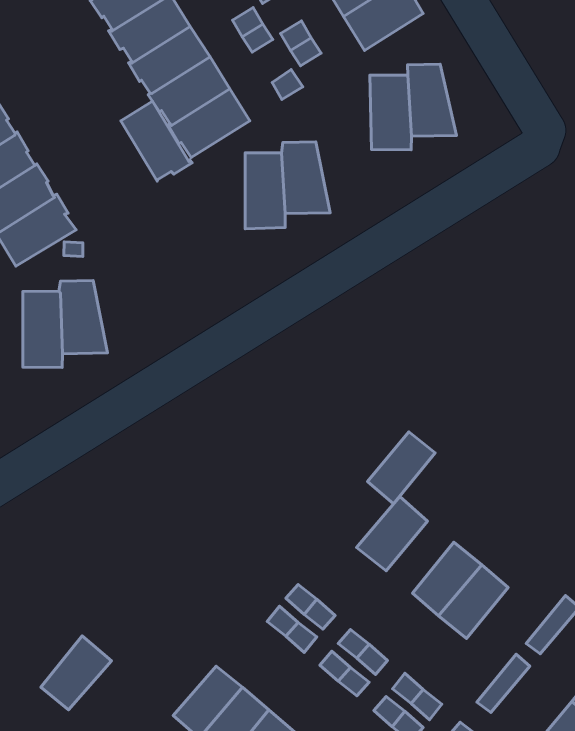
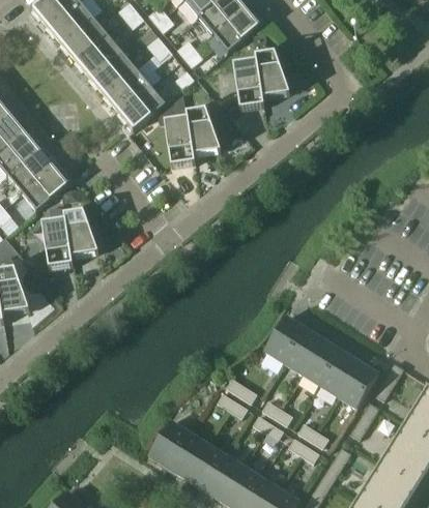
building: [121,101,192,181] -> none
building: [367,432,435,504] -> [284,328,322,372]
building: none -> [338,361,377,407]
building: [41,636,112,710] -> [149,420,190,466]

